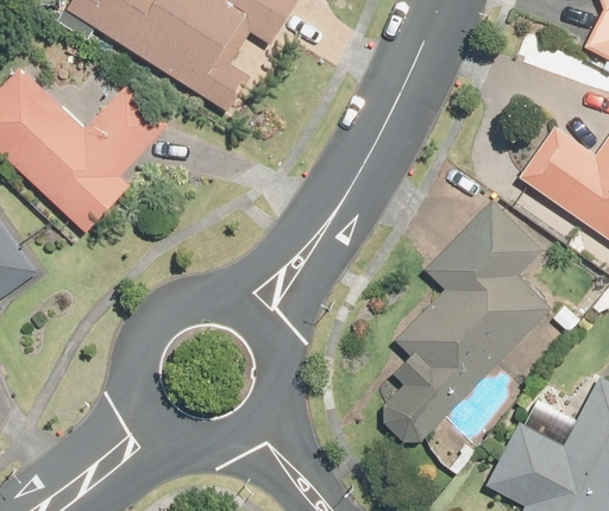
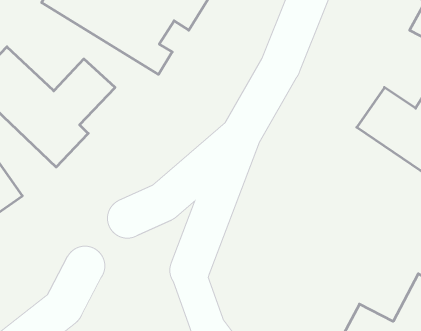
building: [378,201,546,443] -> none

